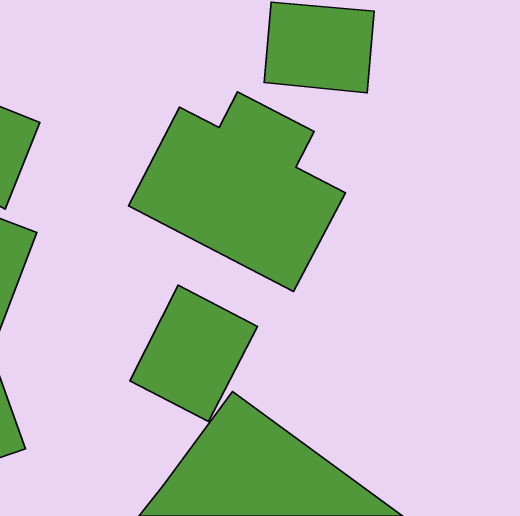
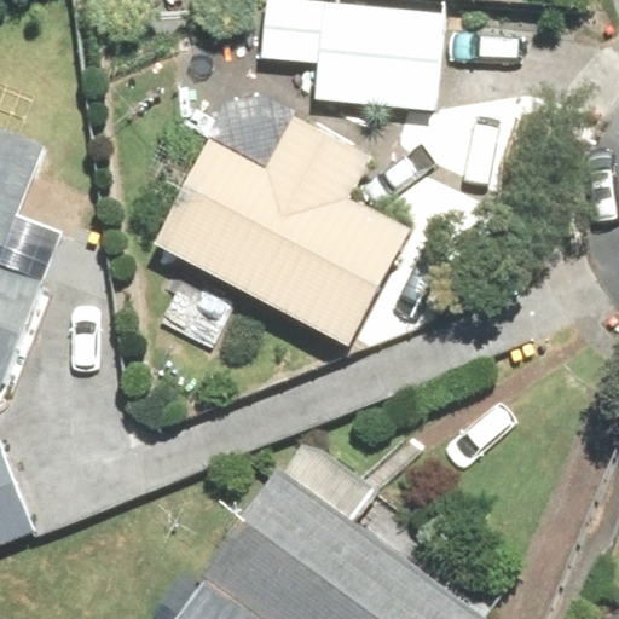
building: [130,285,258,421] -> none

